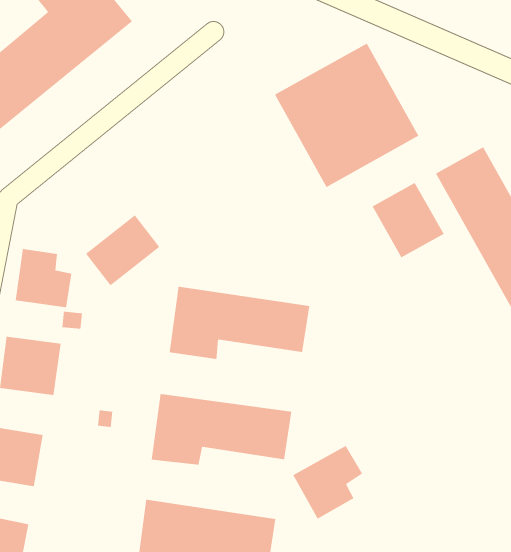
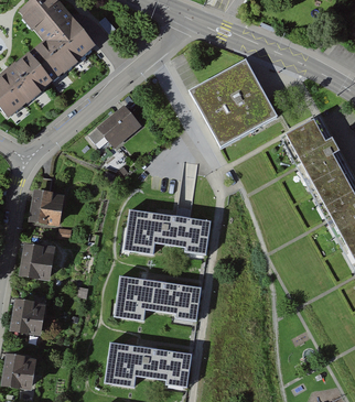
building: [372,182,444,258] -> none
building: [85,214,160,286] -> [93,106,139,150]
building: [293,445,363,519] -> none

